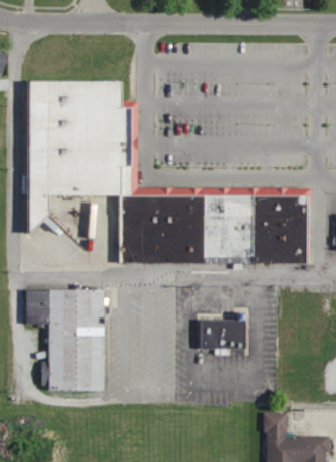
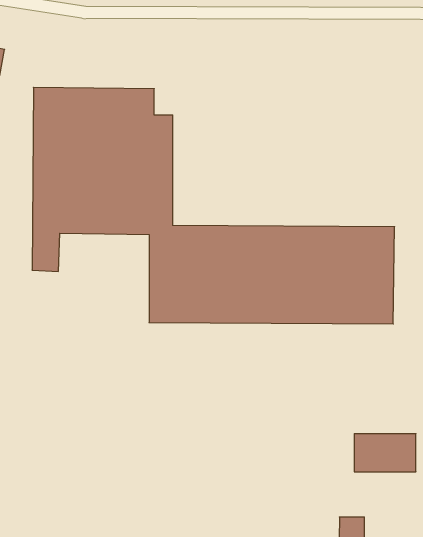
building: [24,289,103,389] -> none
building: [198,320,245,349] -> [354,434,416,472]

